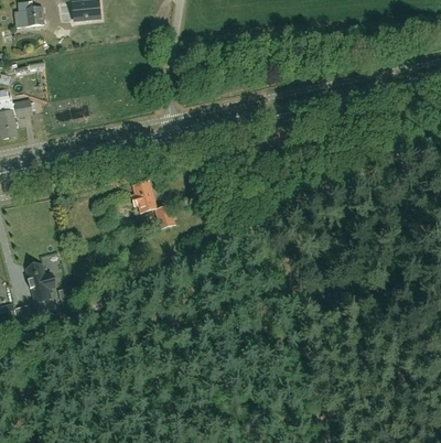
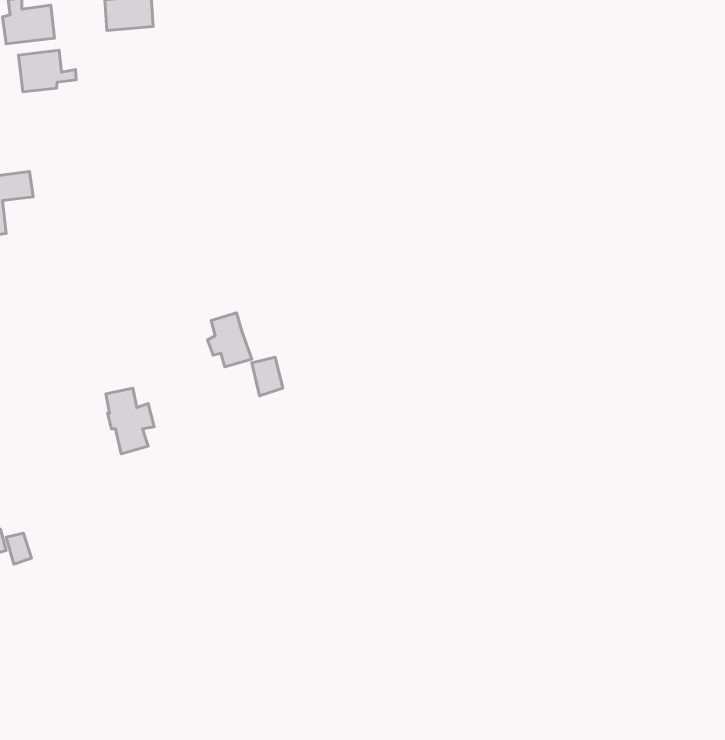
building: none -> [18,50,76,92]
building: [26,263,54,301] -> [106,388,154,454]

